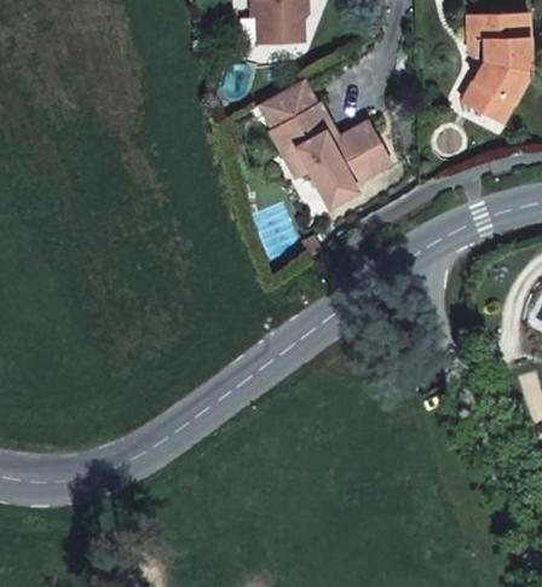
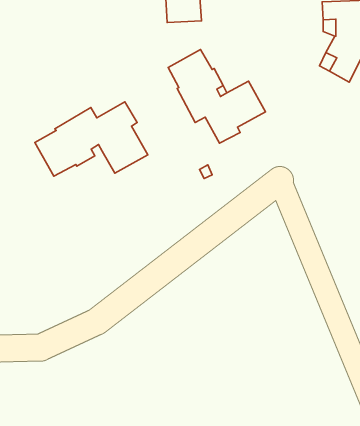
building: none -> [35,102,148,176]

